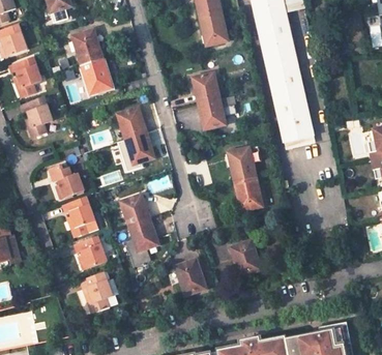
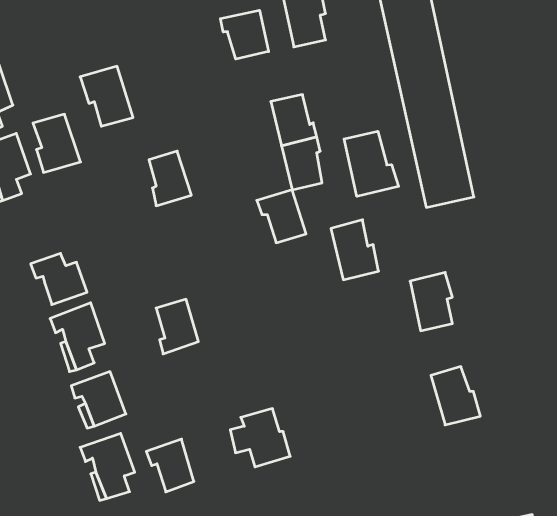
building: none -> [220,10,269,59]
building: [75,30,102,64] -> [33,114,81,172]
building: none -> [344,131,399,196]
building: [125,134,154,165] -> [257,190,306,243]
building: [235,178,260,212] -> [410,272,452,331]
building: [129,219,157,250] -> [146,439,194,492]
building: [232,242,261,276] -> [431,367,480,425]

